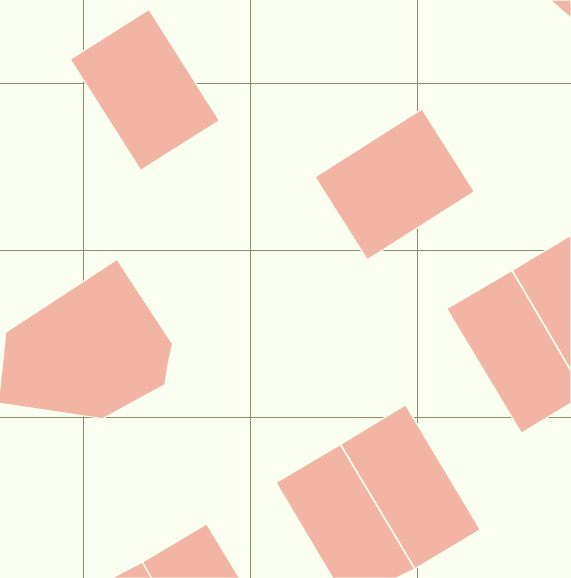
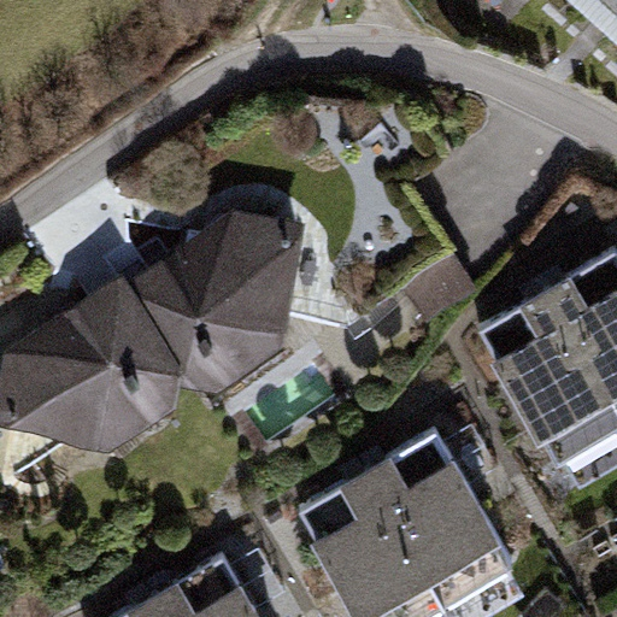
building: [70,9,220,170] -> none
building: [315,109,475,260] -> none
building: none -> [130,213,304,389]

